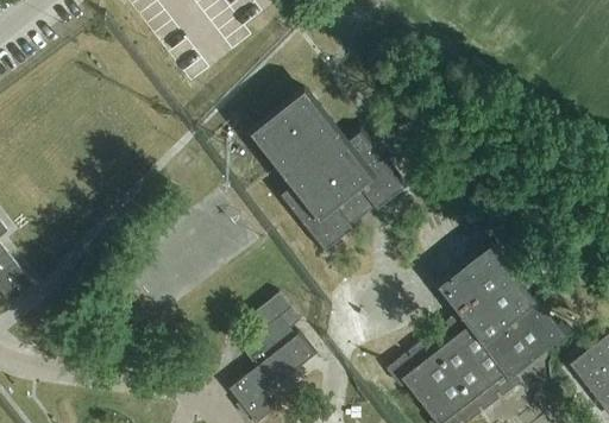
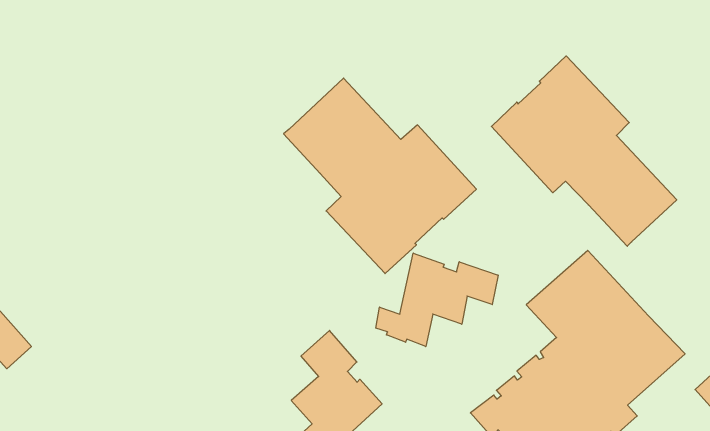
building: none -> [491,56,677,246]
building: none -> [376,253,498,347]

